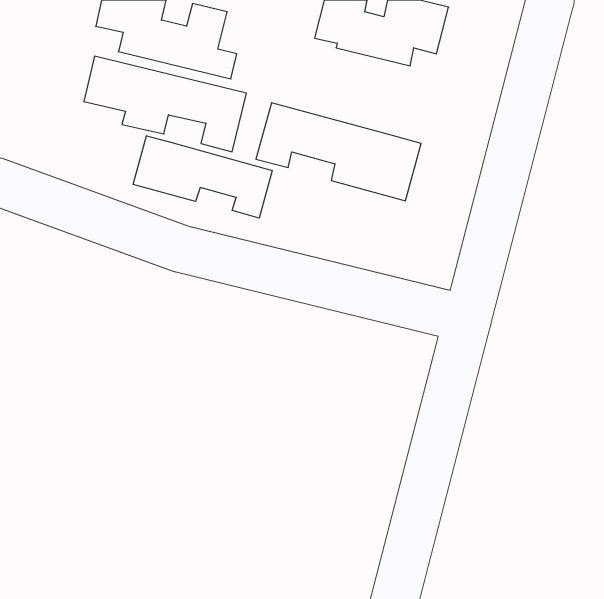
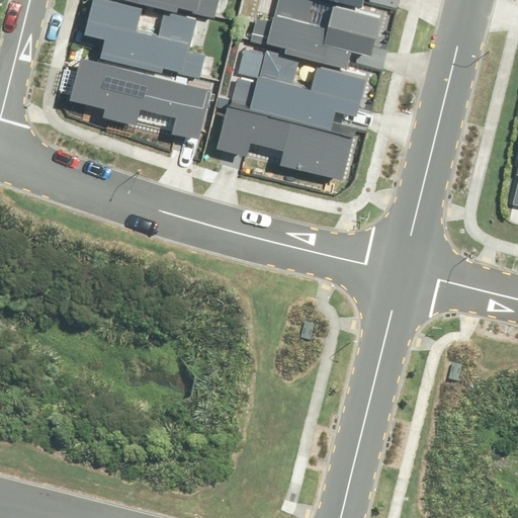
building: none -> [230,52,360,124]
building: [133,136,272,218] -> none

